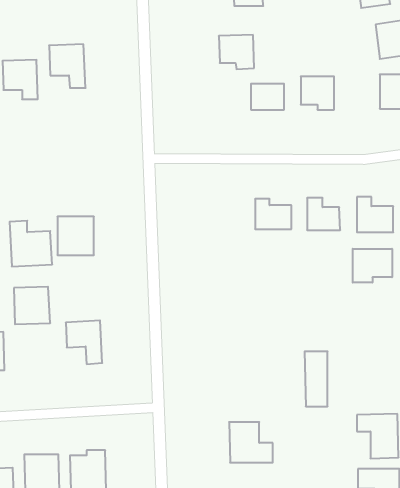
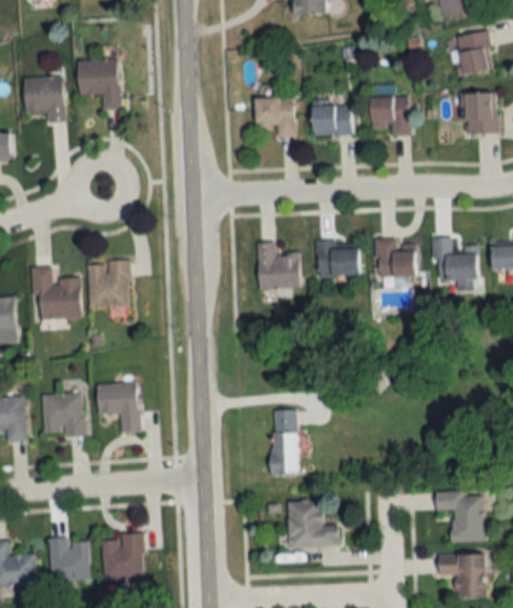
building: [219,35,254,69] -> [254,98,295,138]
building: none -> [257,242,300,289]
building: [353,249,392,283] -> none
building: [14,287,50,324] -> [42,392,85,435]
building: [305,351,328,406] -> [270,409,296,473]

